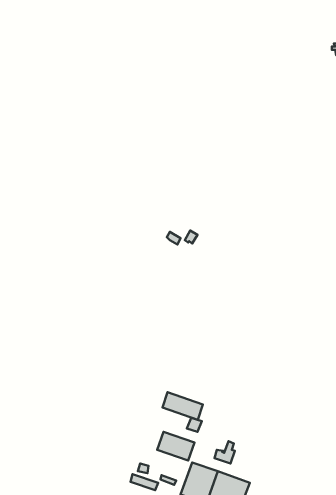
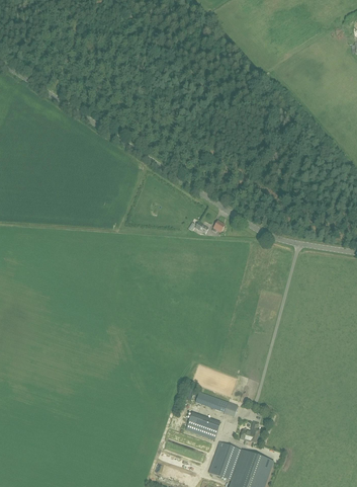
building: [162,392,203,420] -> none

